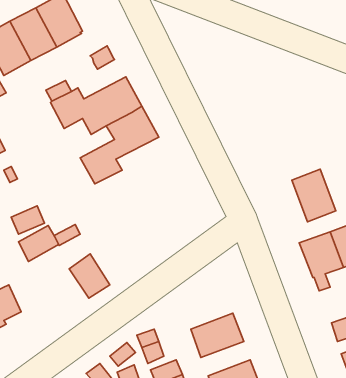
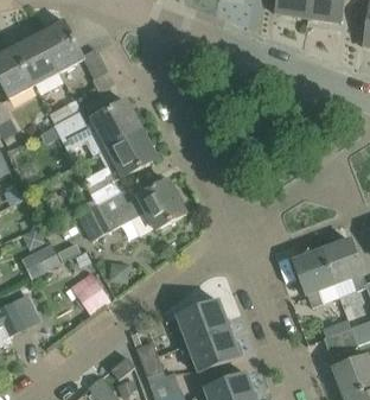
building: none -> [79,179,186,240]
building: [292,169,336,222] -> none
building: none -> [178,300,229,343]

